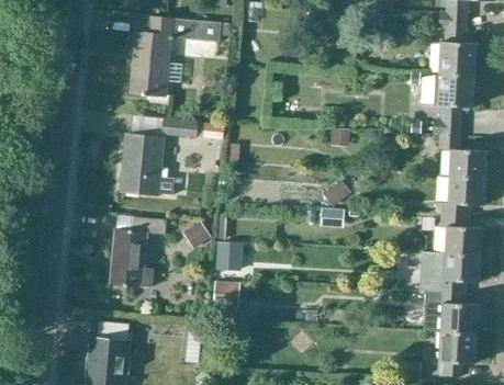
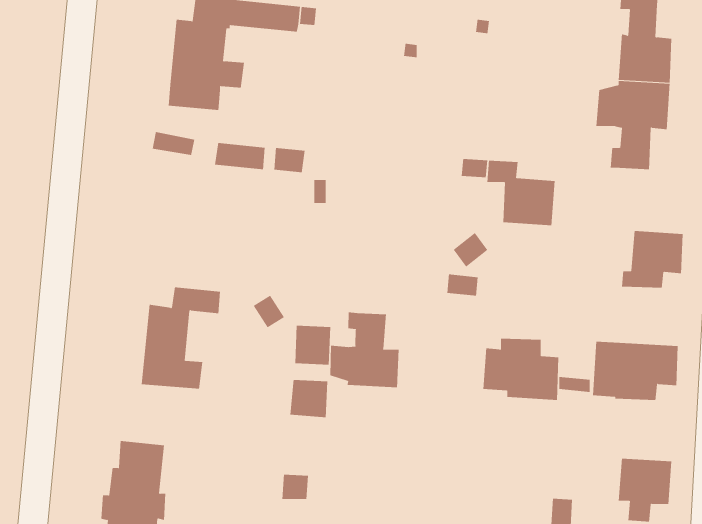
building: [120,134,175,194] -> none
building: [438,135,485,180] -> [487,160,555,226]
building: [440,216,482,257] -> none
building: none -> [330,311,399,388]
building: [424,293,477,336] -> [482,338,559,401]

